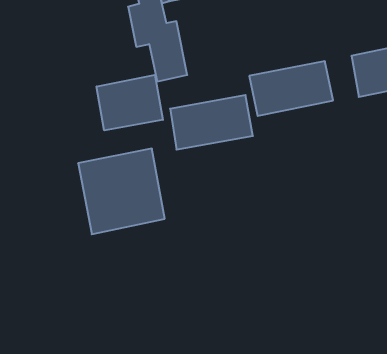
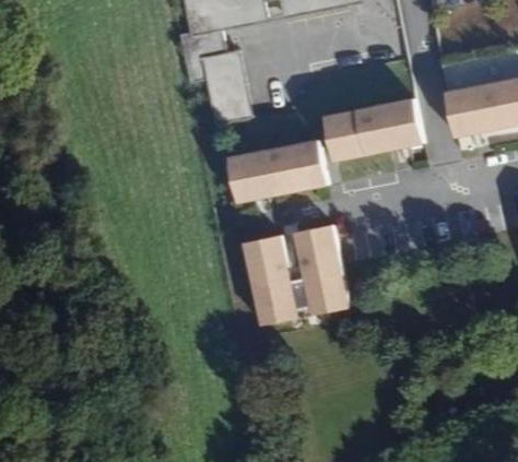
building: [97,75,163,130] -> none
building: [78,149,165,234] -> [244,224,348,327]

